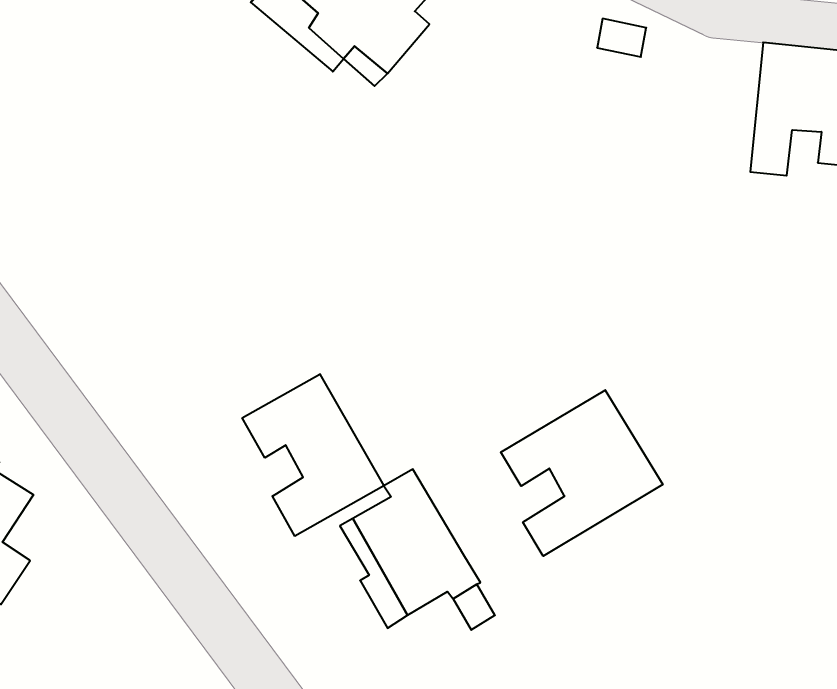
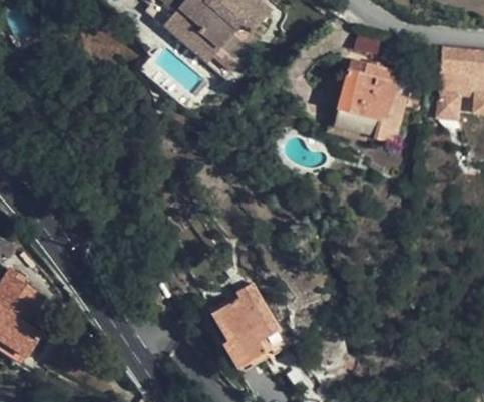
building: none -> [337,61,408,141]
building: [242,374,384,536] -> none
building: [501,390,663,556] -> none

